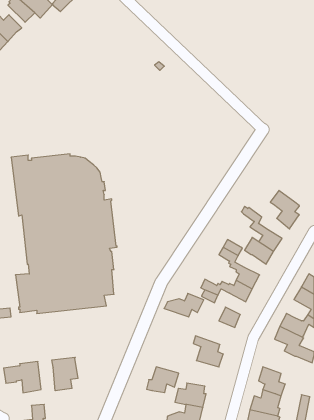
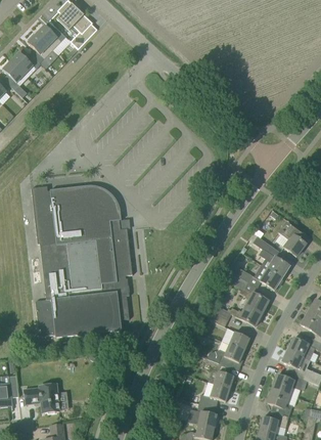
building: [164,293,204,317] -> [207,344,244,366]
building: none -> [271,369,302,394]
building: [52,357,78,391] -> none
building: [147,367,179,393] -> [198,382,229,406]

